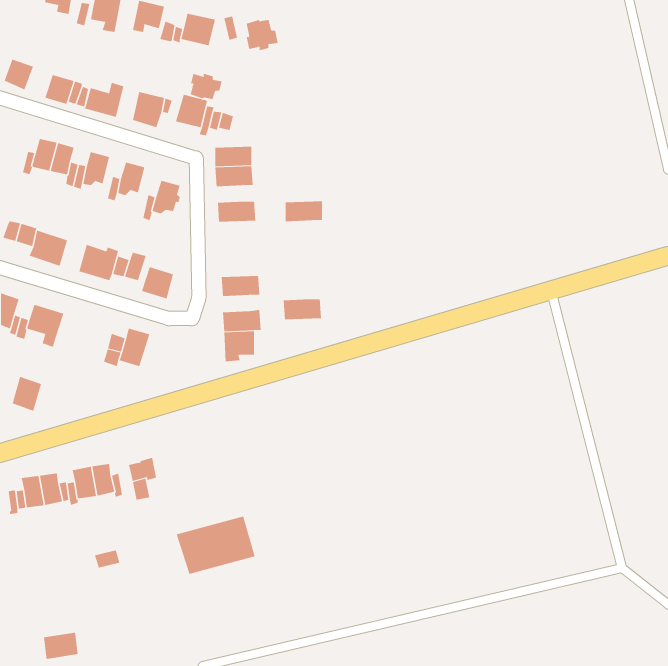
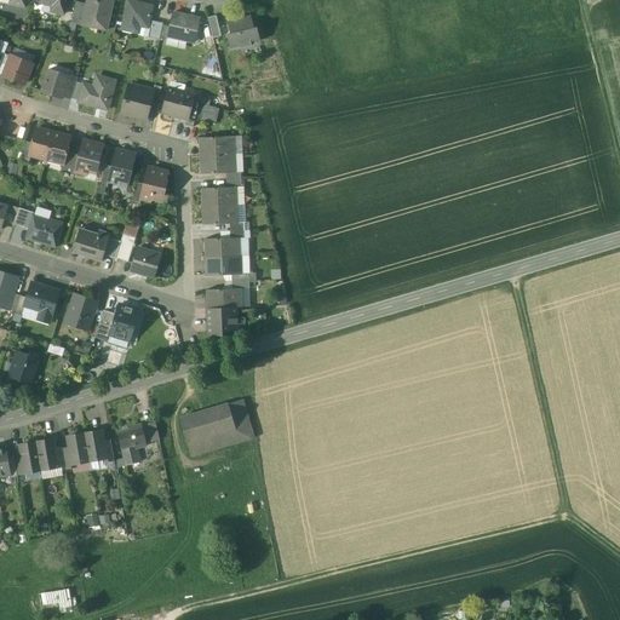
building: [190,73,222,100] -> none
building: [285,201,323,222] -> [202,205,237,224]
building: [283,299,322,320] -> [203,237,240,257]
building: none -> [64,292,98,329]
building: [176,516,256,575] -> [179,400,253,454]

